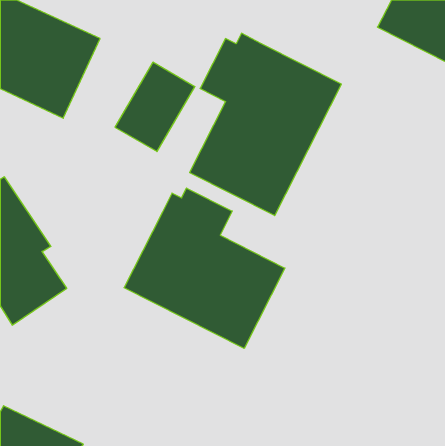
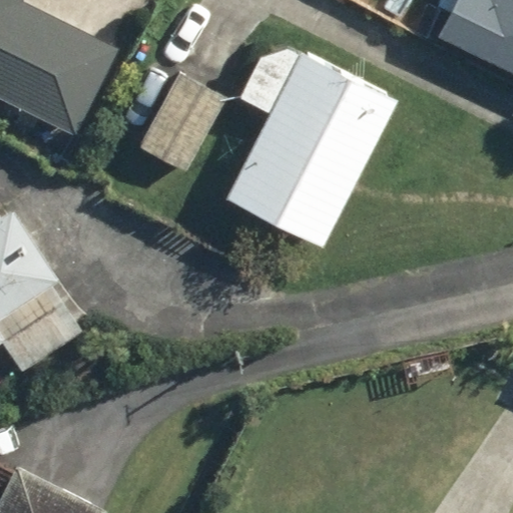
building: [124,188,285,348] -> none

